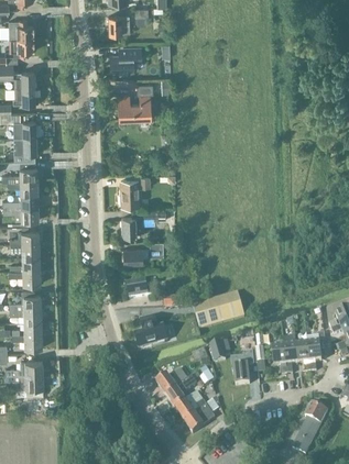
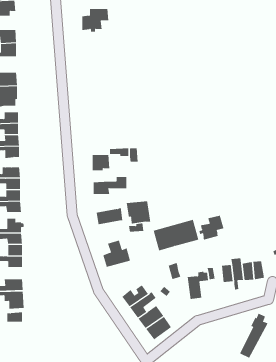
building: [118,85,153,123] -> none
building: [120,176,150,206] -> none
building: none -> [126,200,151,224]
building: none -> [199,215,224,240]

